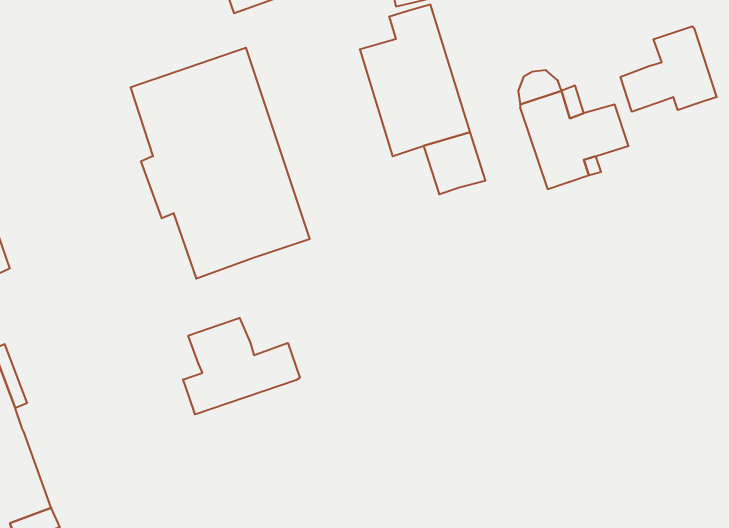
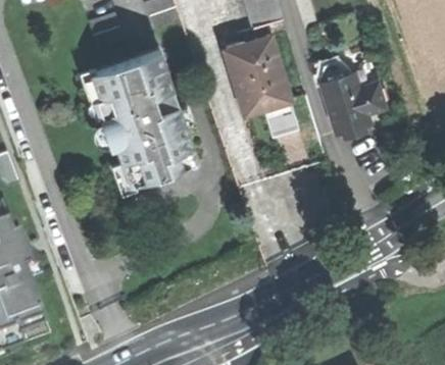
building: [620,26,717,112] -> none
building: [183,318,300,414] -> none

